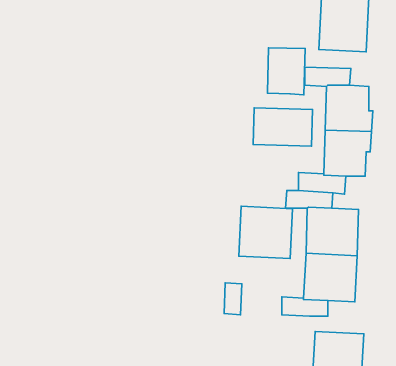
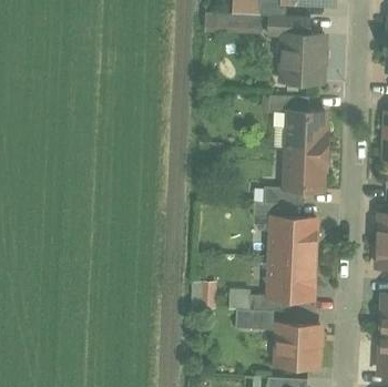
building: [267,48,305,95] -> none
building: [253,108,312,146] -> none
building: [239,206,293,259] -> none
building: none -> [236,309,274,329]

